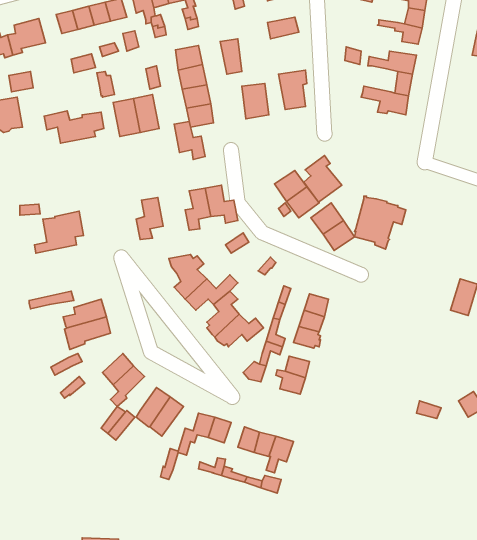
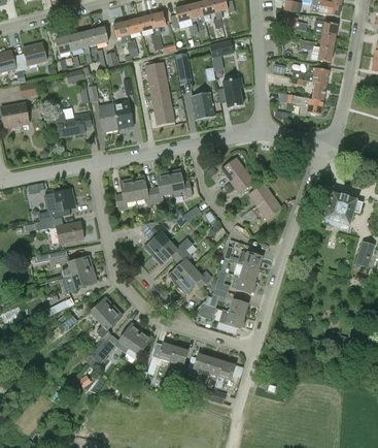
building: [174,121,205,159] -> [132,177,156,205]
building: [304,156,342,202] -> none
building: [354,196,406,249] -> [323,192,363,232]
building: none -> [24,217,83,244]

